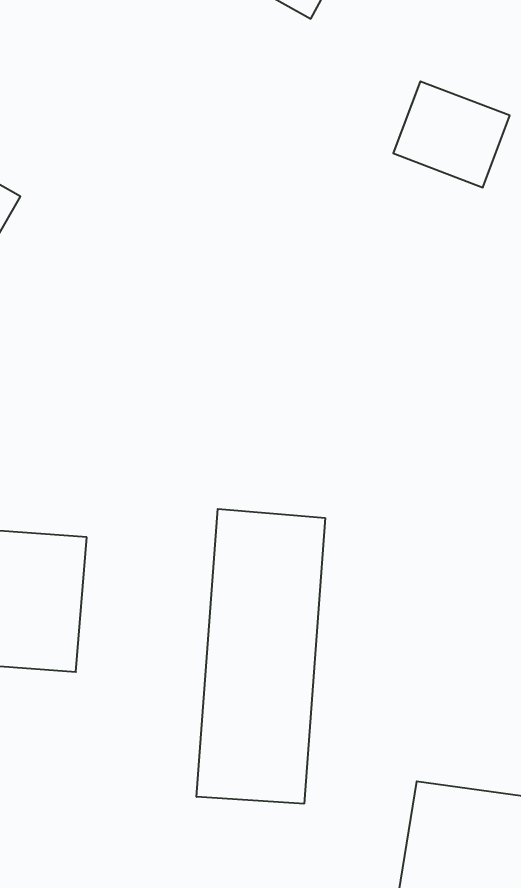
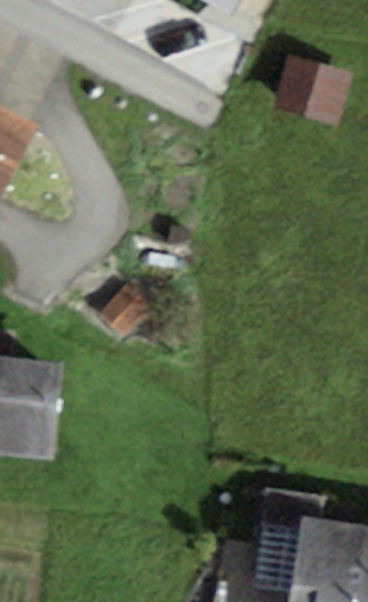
building: [197,509,325,804] -> none

